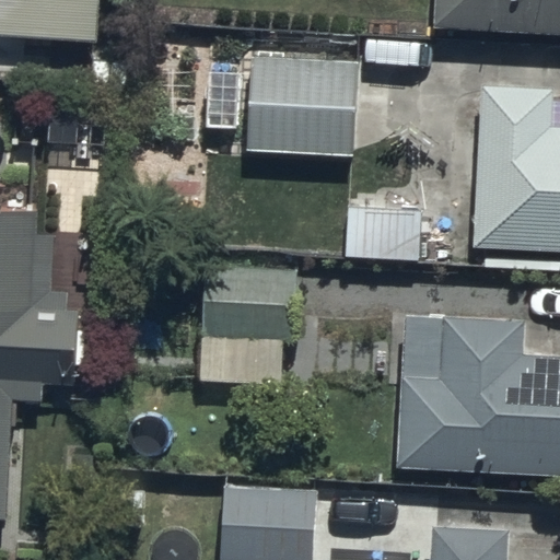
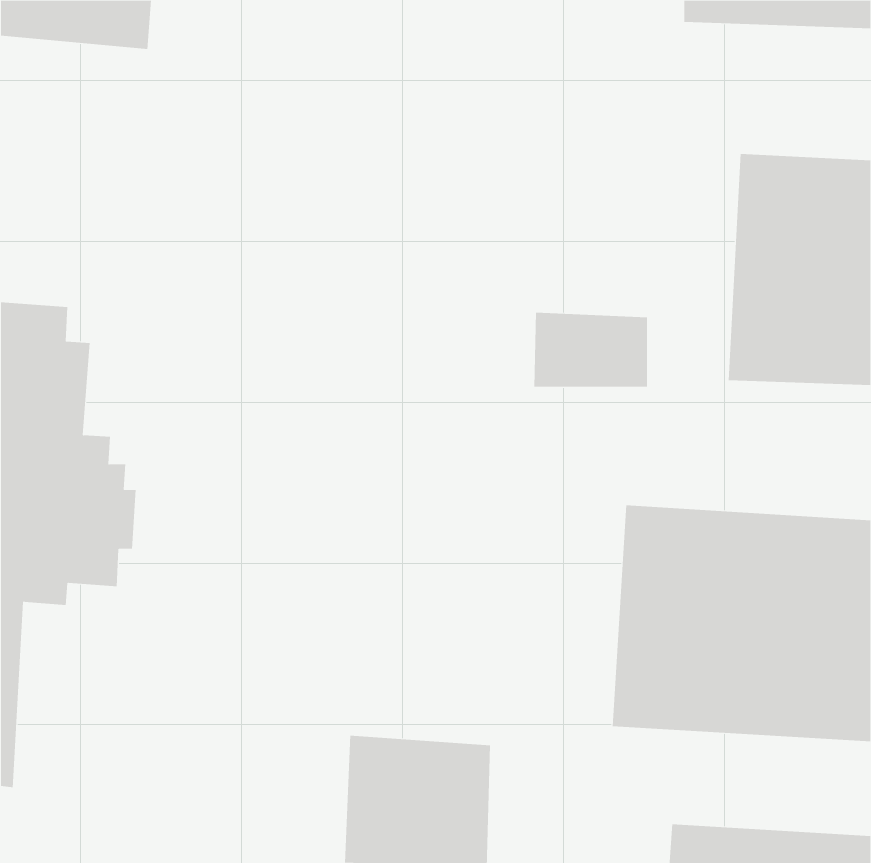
building: [242,56,358,154] -> none
building: [208,260,298,380] -> none

